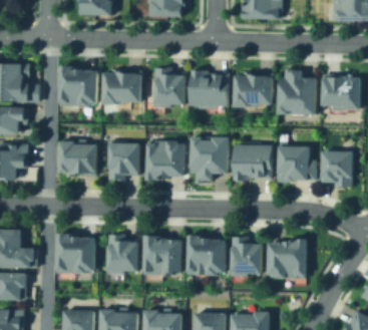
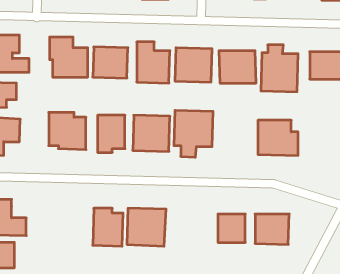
building: [234,143,272,179] -> none
building: [320,149,352,188] -> none
building: [57,231,95,269] -> none
building: [192,237,225,272] -> none

